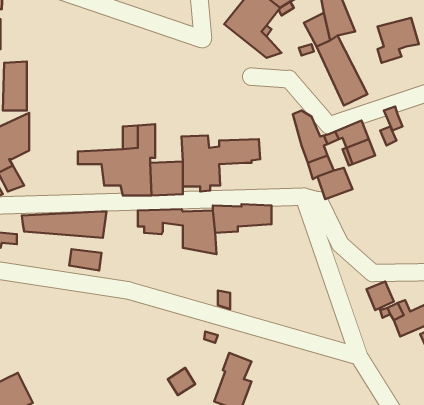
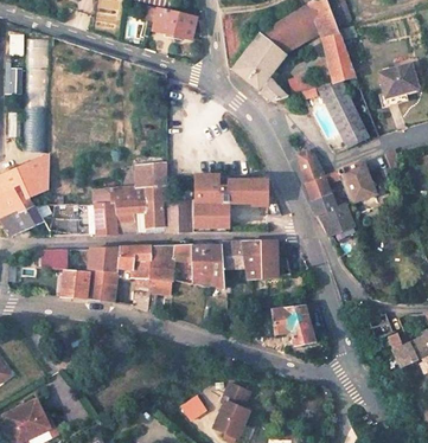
building: none -> [94,201,136,232]
building: none -> [117,245,173,312]
building: none -> [245,258,279,278]
building: none -> [60,270,89,297]
building: none -> [273,306,315,345]

